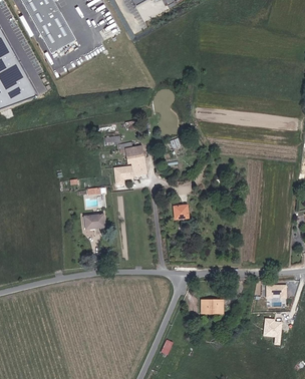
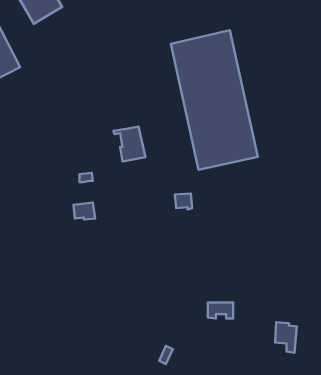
building: none -> [171,30,258,170]

